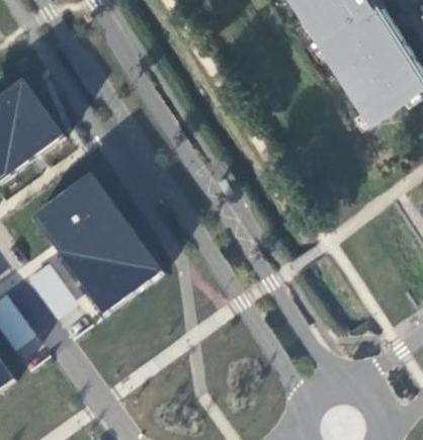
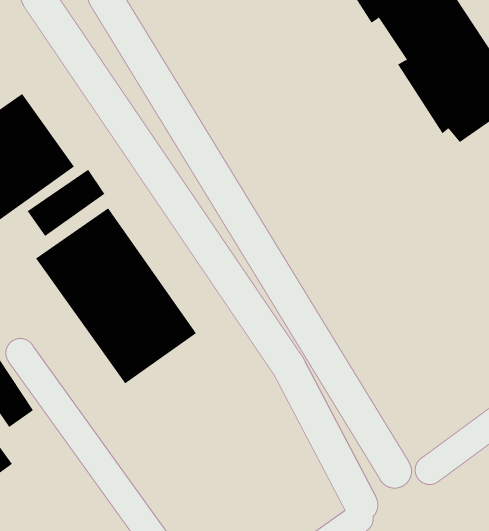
building: none -> [27,169,105,237]

